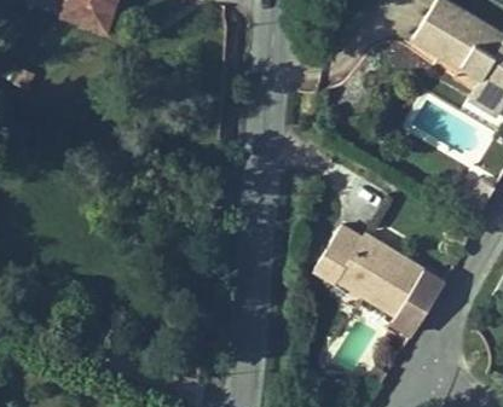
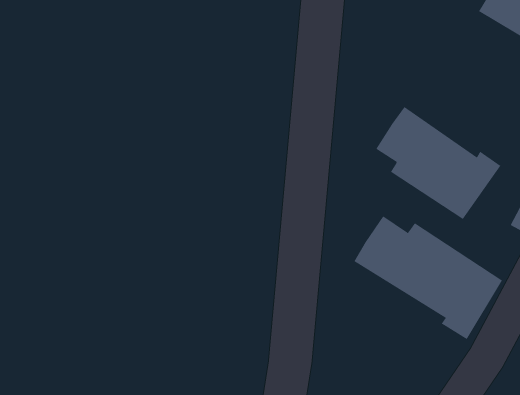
building: none -> [375,106,501,220]

